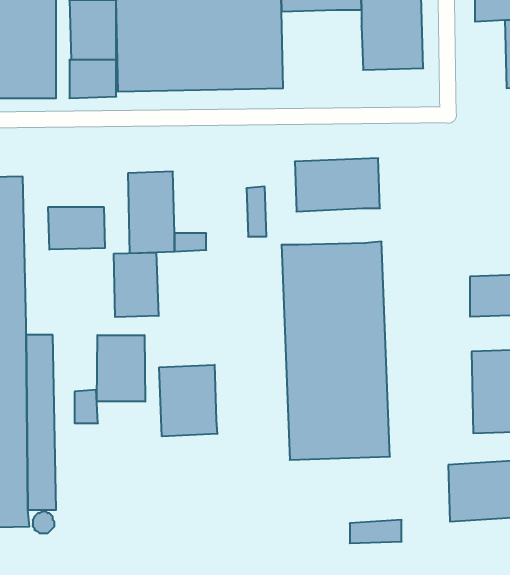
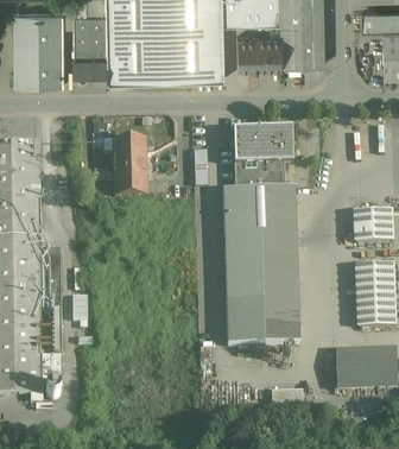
building: none -> [236,36,280,68]
building: [48,207,105,250] -> none
building: none -> [234,165,281,191]
building: [114,253,159,317] -> none
building: [97,335,145,402] -> none
building: [159,365,217,436] -> none

